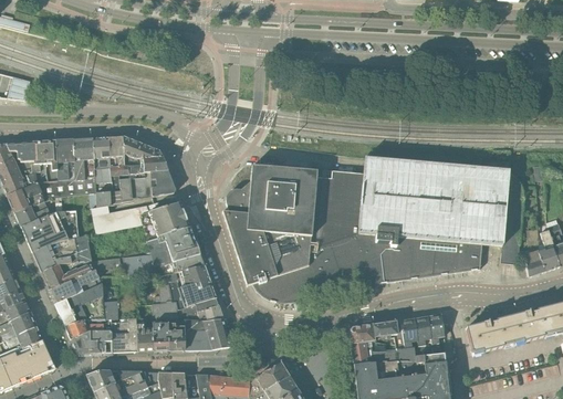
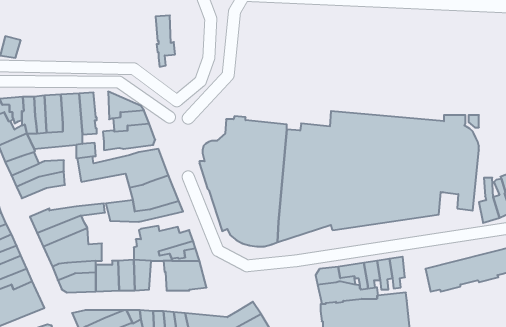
building: [108,135,129,190] -> [156,15,175,67]
building: [31,234,90,270] -> none
building: [157,264,211,287] -> none
building: [168,317,185,348] -> none

